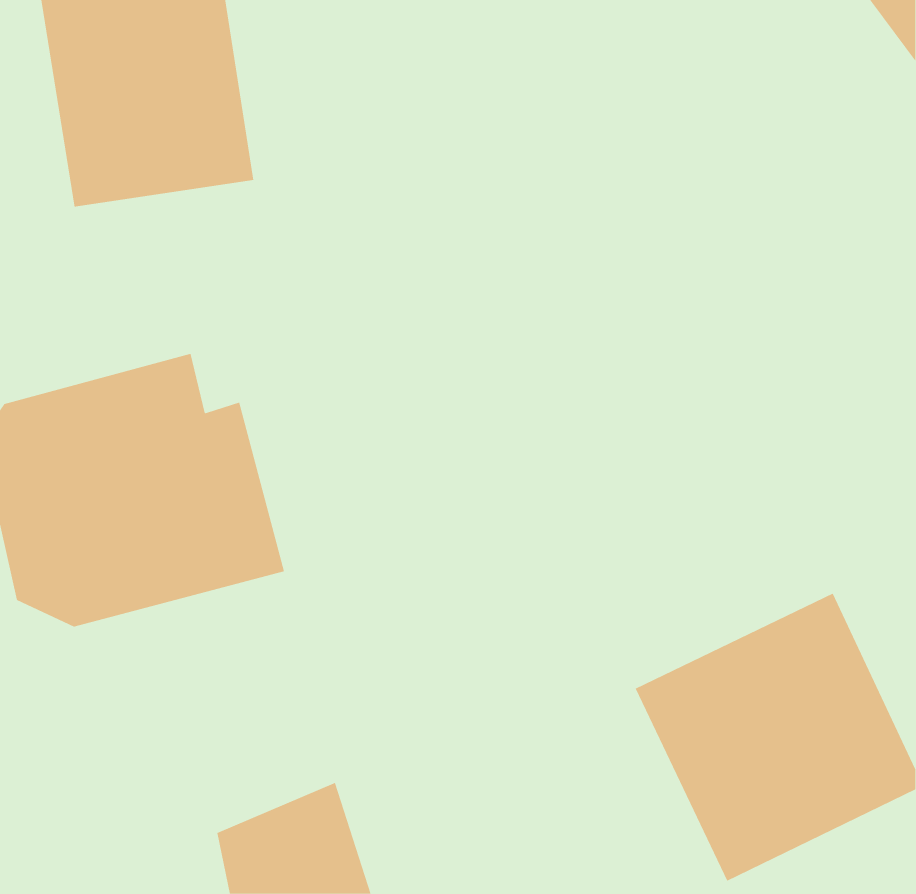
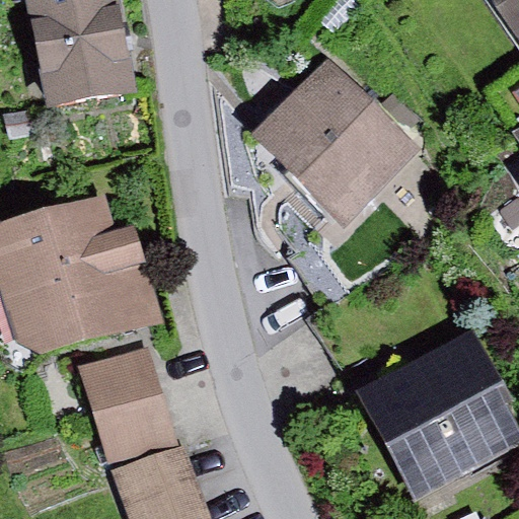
building: none -> [254,62,418,224]
building: none -> [87,345,176,451]

